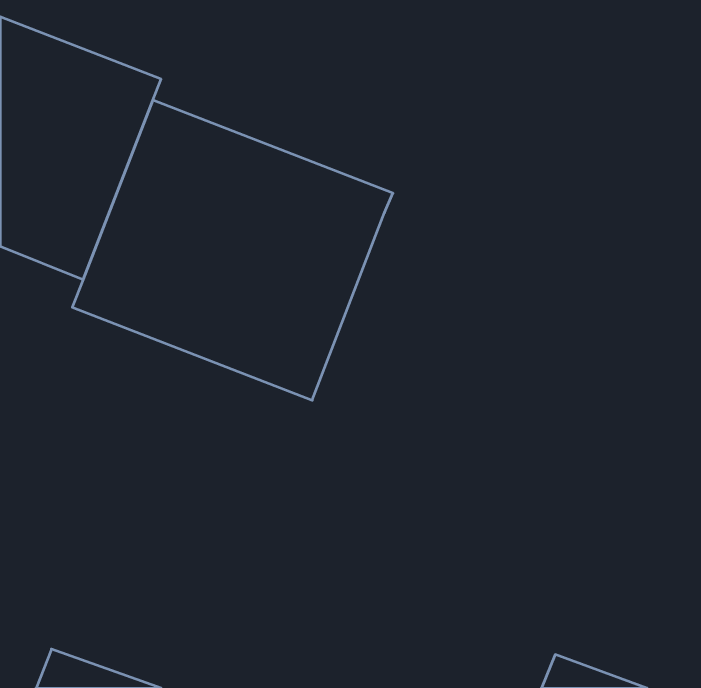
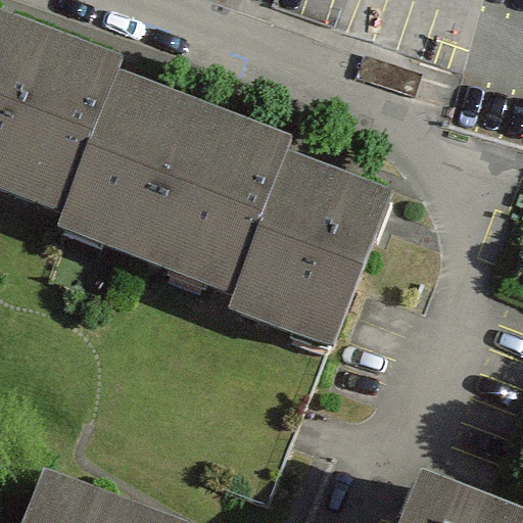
building: none -> [230,156,389,349]

